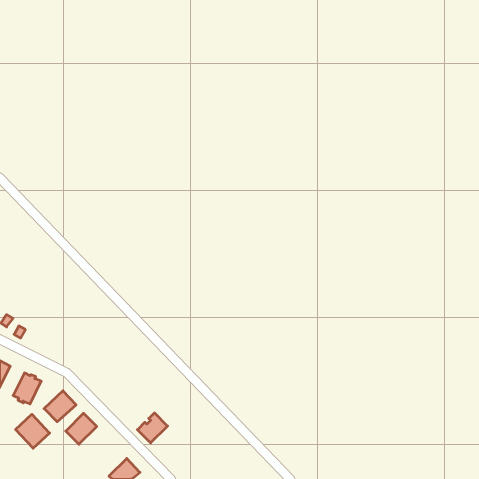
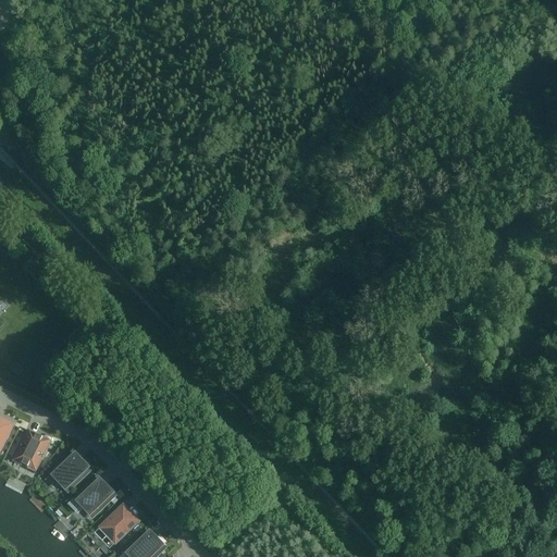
building: [137,413,168,443] -> [102,505,137,540]
building: [16,414,50,448] -> none

